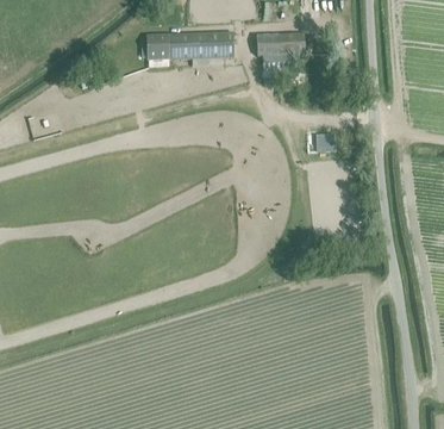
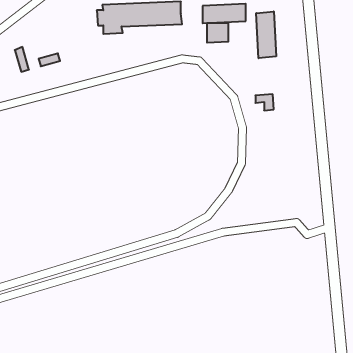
building: none -> [256,11,276,58]

